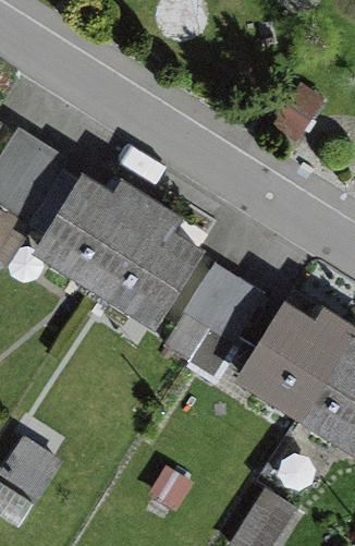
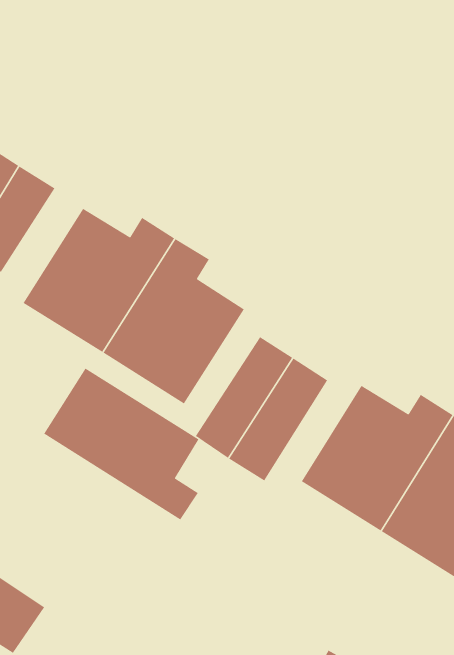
building: none -> [43,368,199,520]

